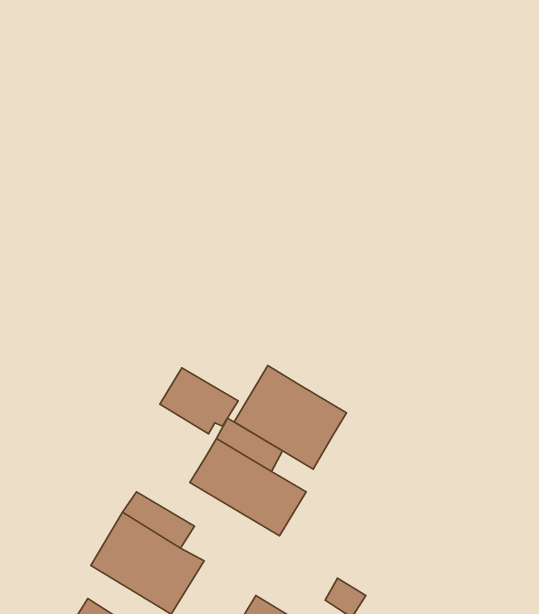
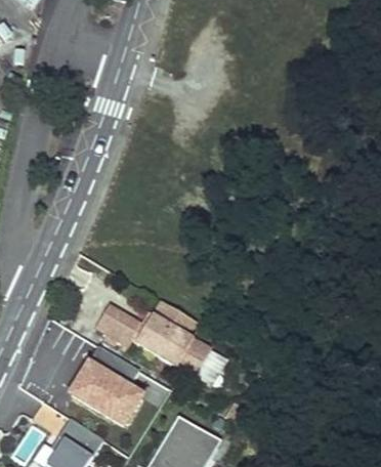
building: [234,365,347,469] -> none
building: [160,368,238,434] -> [95,303,146,346]

